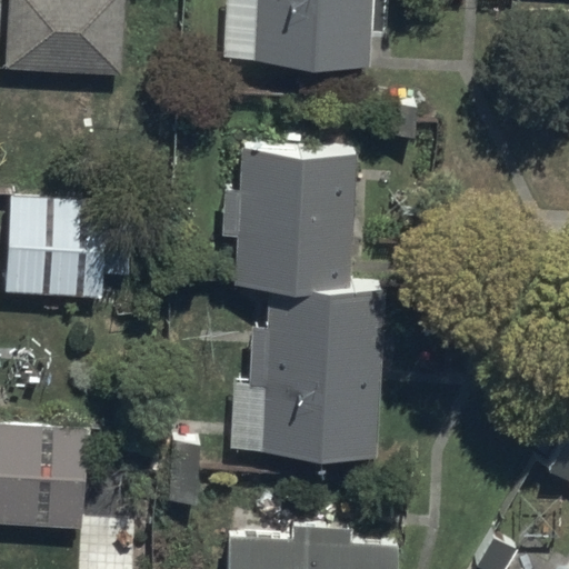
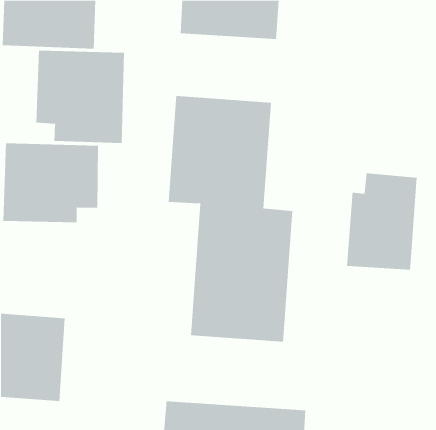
building: none -> [36,50,124,144]
building: none -> [347,173,417,271]

